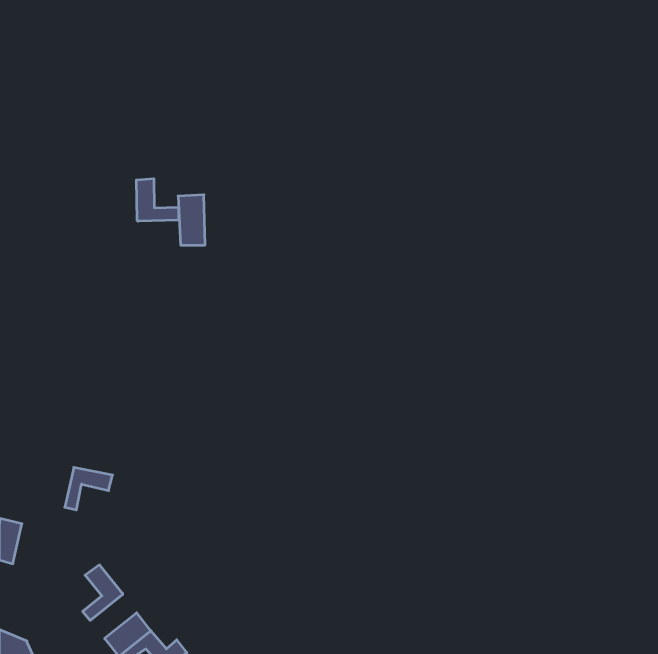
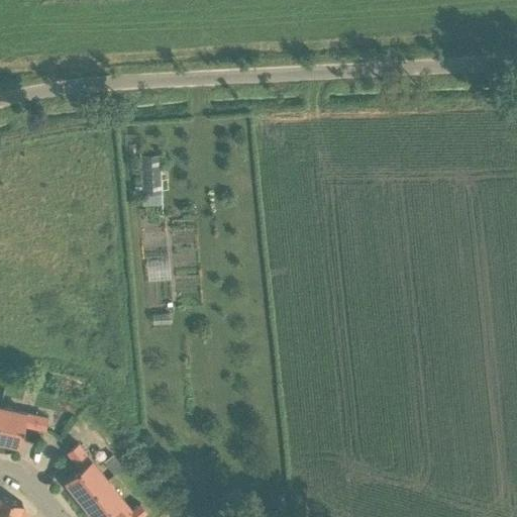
building: [136,179,179,221] -> none
building: [65,467,113,510] -> [10,414,47,447]
building: none -> [71,470,107,504]

